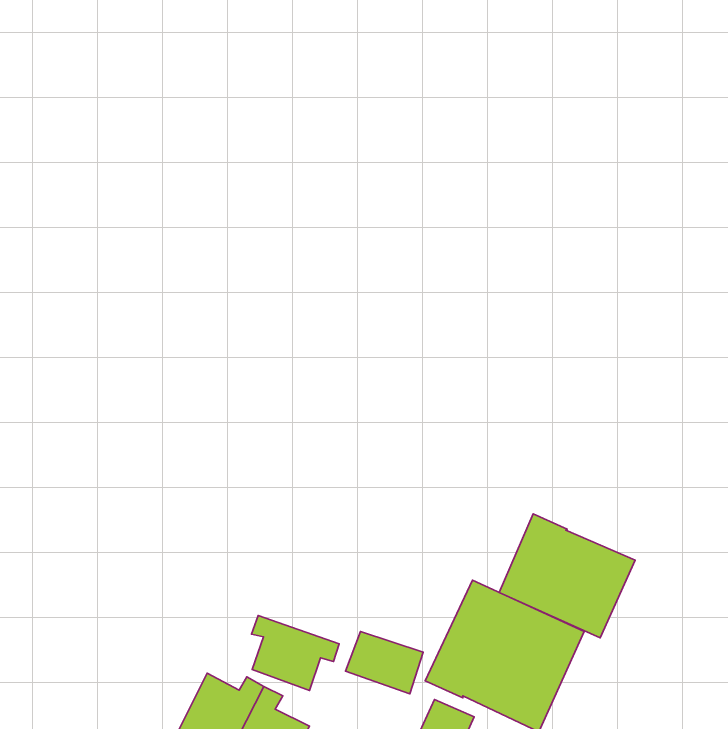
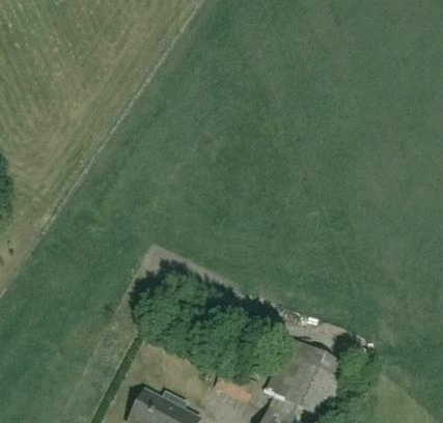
building: [499,514,635,638] -> none
building: [251,615,339,690] -> none

